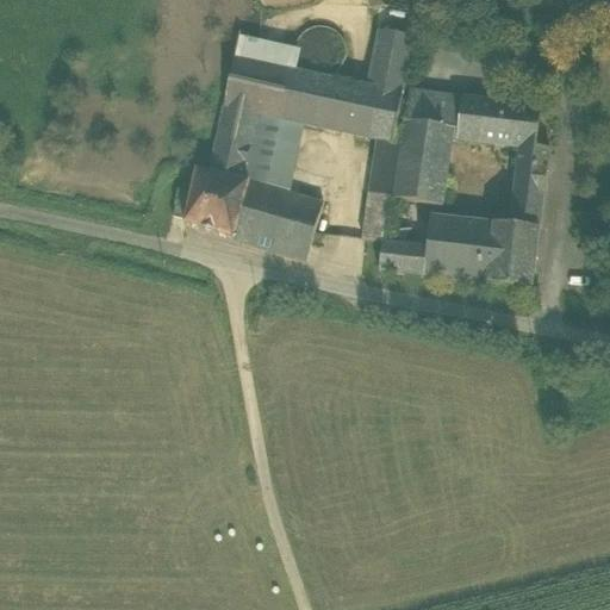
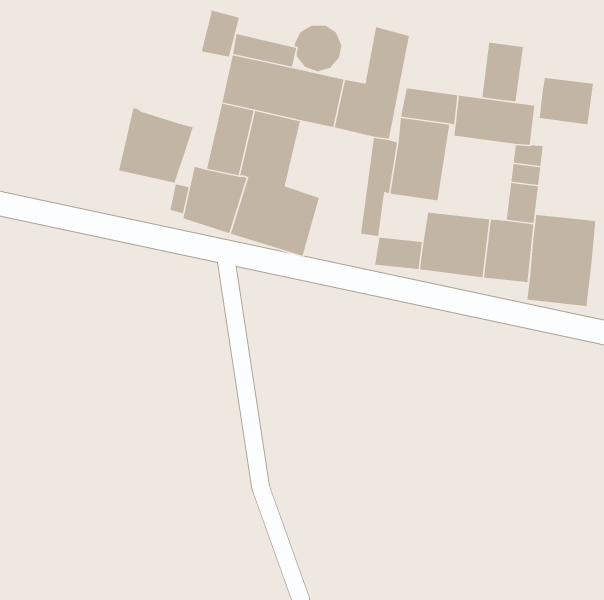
building: none -> [201,10,240,57]
building: none -> [482,42,524,102]
building: none -> [539,77,594,125]
building: none -> [118,107,194,183]
building: none -> [527,214,596,307]

